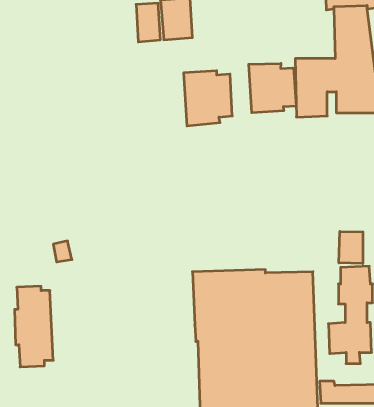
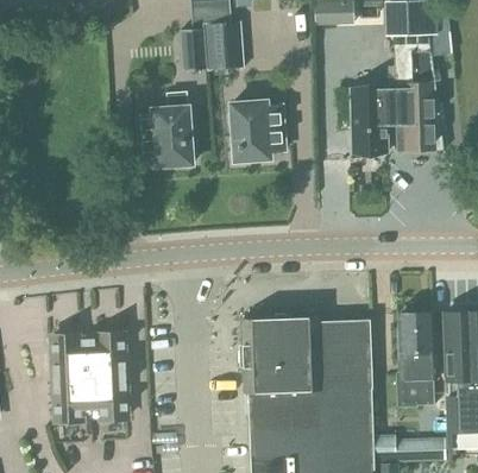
building: none -> [139,93,193,166]
building: [249,63,296,113] -> none
building: [339,231,363,264] -> none
building: none -> [88,332,130,420]

